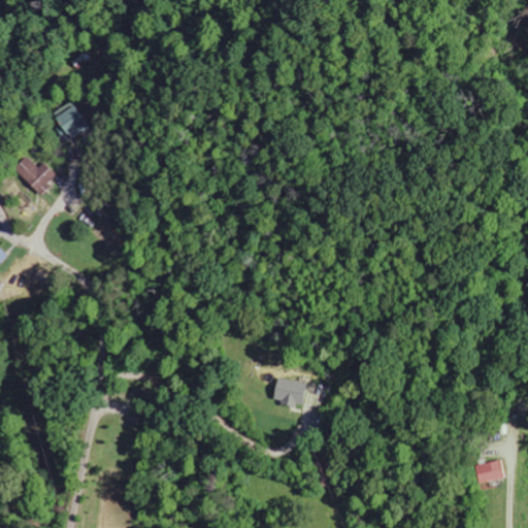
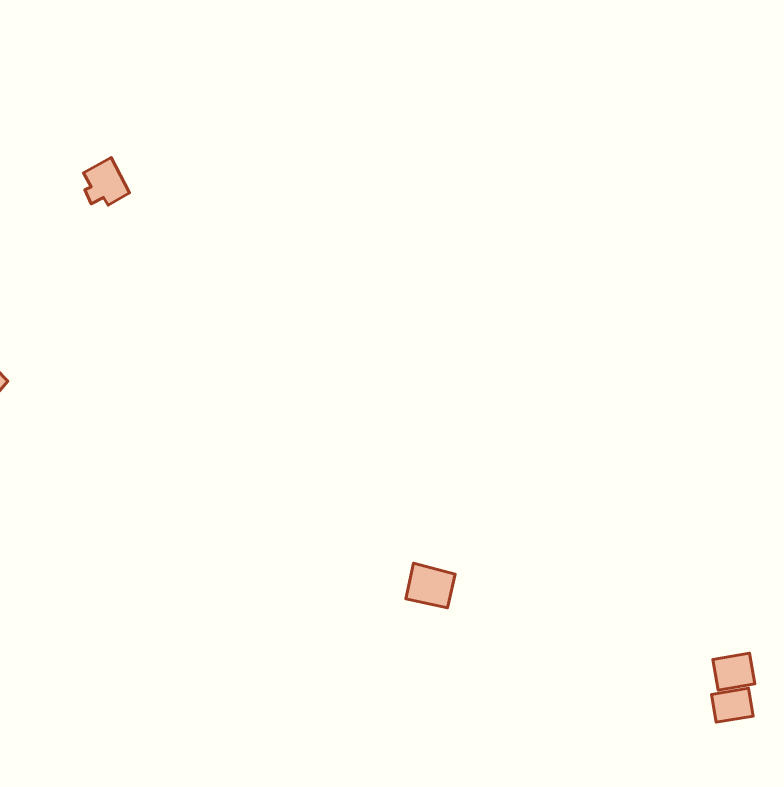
building: [15,157,57,193] -> none
building: none -> [713,653,755,690]

